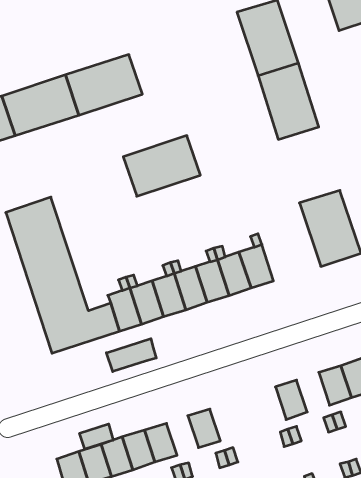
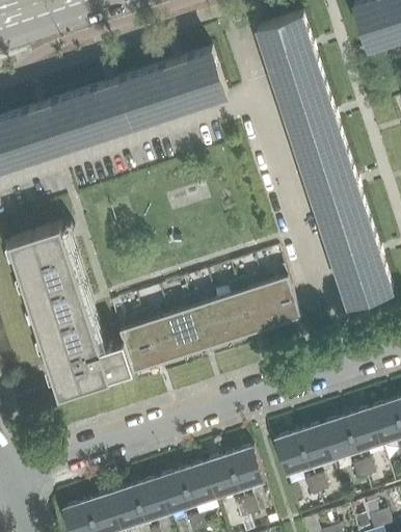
building: none -> [301,152,368,234]
building: [123,136,200,196] -> [140,51,223,116]
building: [106,339,156,372] -> none
building: none -> [321,417,356,459]
building: none -> [273,432,310,475]
building: none -> [228,448,265,490]
building: none -> [181,463,215,506]
building: [80,424,113,449] -> none

